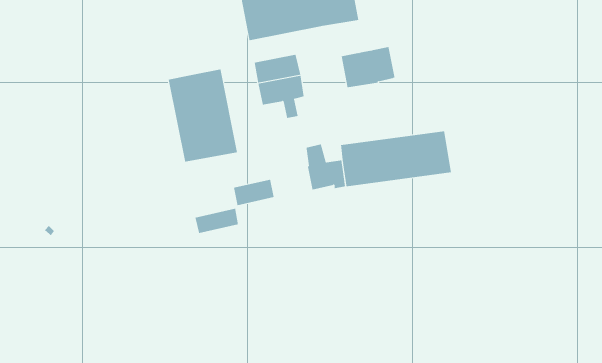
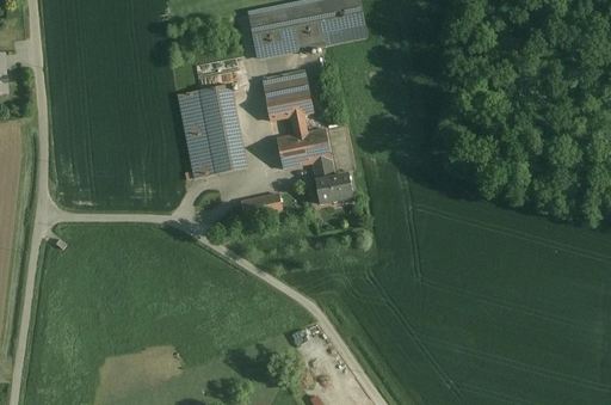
building: [341,47,395,88] -> [276,127,329,167]
building: [340,130,452,187] -> none
building: [195,208,239,234] -> none

